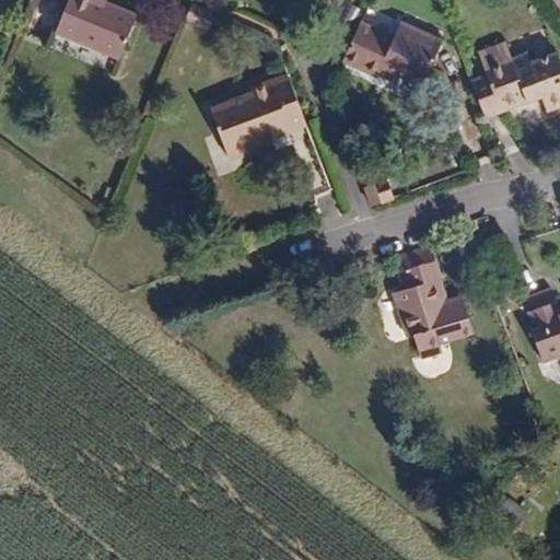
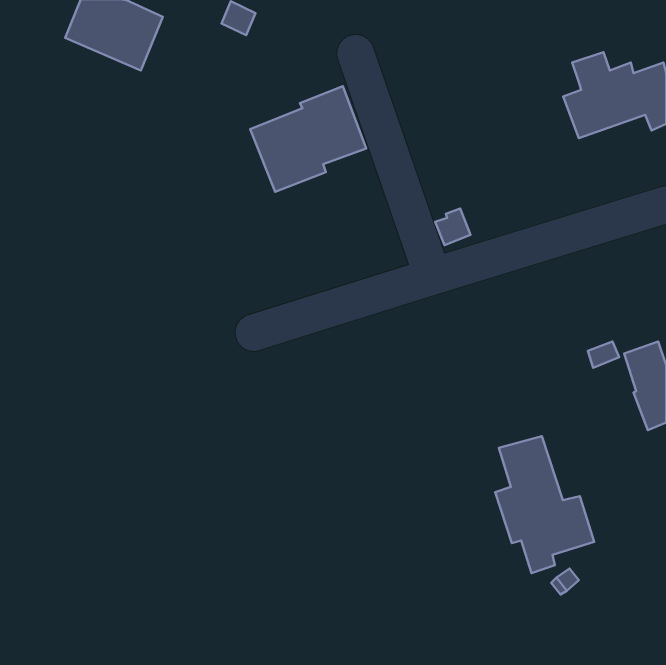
building: [342,21,442,86] -> none
building: [390,245,474,360] -> [495,436,594,573]

